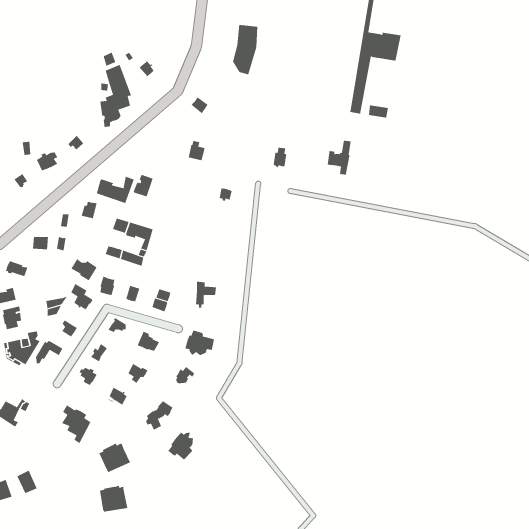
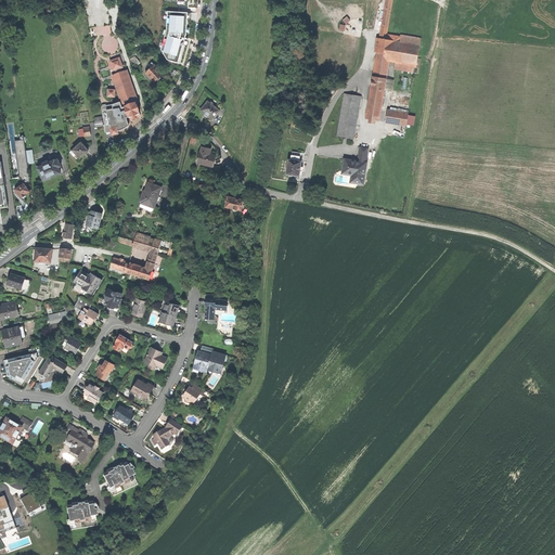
building: [232,24,258,75] -> [160,9,188,62]
building: none -> [336,92,360,138]
building: [96,176,134,204] -> none
building: [168,432,193,461] -> none
building: [99,485,128,512] -> [66,501,96,529]

